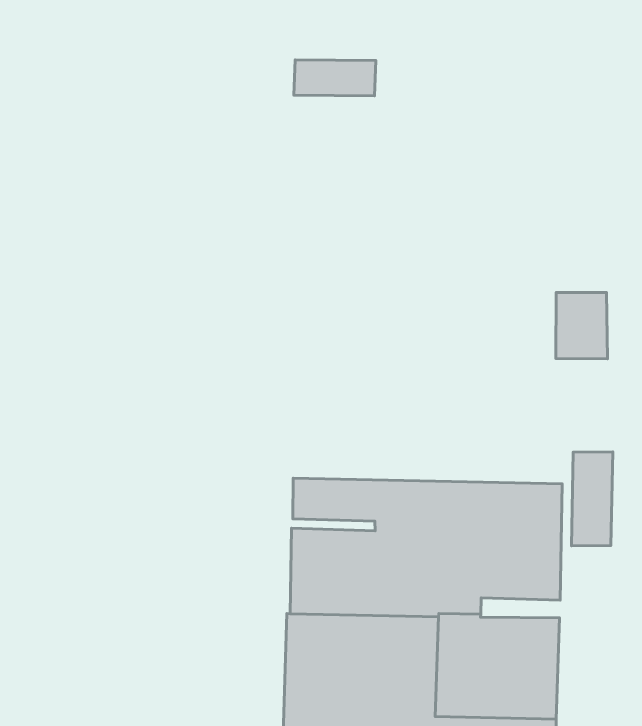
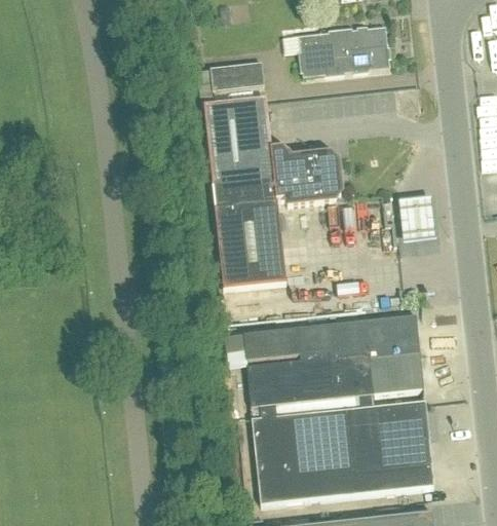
building: none -> [298,25,389,75]
building: none -> [203,97,341,286]
building: [571,452,613,546] -> none

